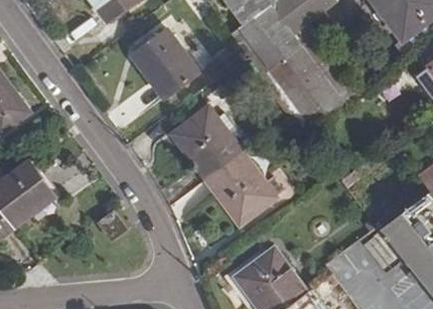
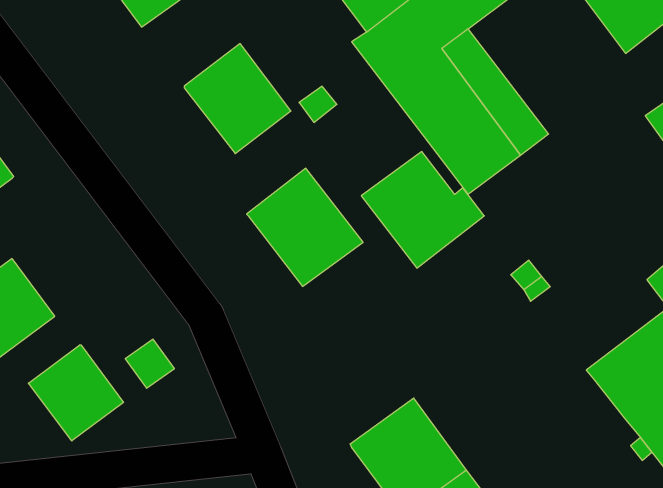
building: [205,153,281,224] -> [361,152,484,268]
building: none -> [28,345,123,441]

